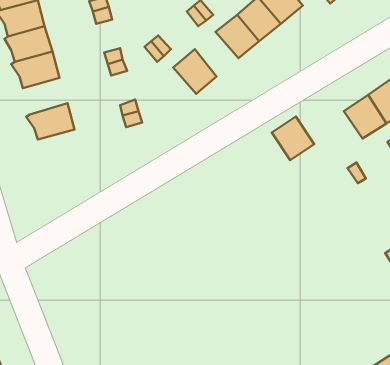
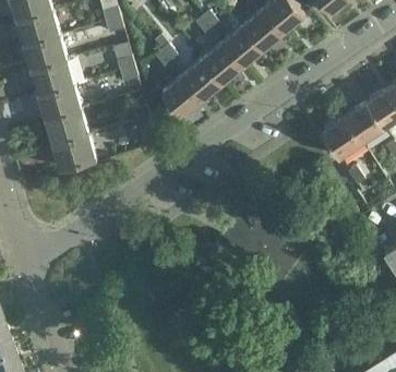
building: none -> [203,43,244,85]
building: none -> [161,76,204,119]
building: none -> [36,86,82,121]
building: [272,117,314,160] -> [322,118,362,159]
building: none -> [50,135,96,171]

